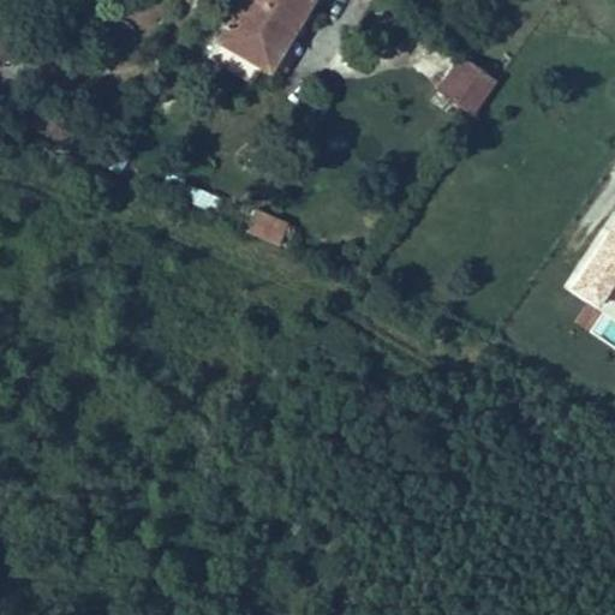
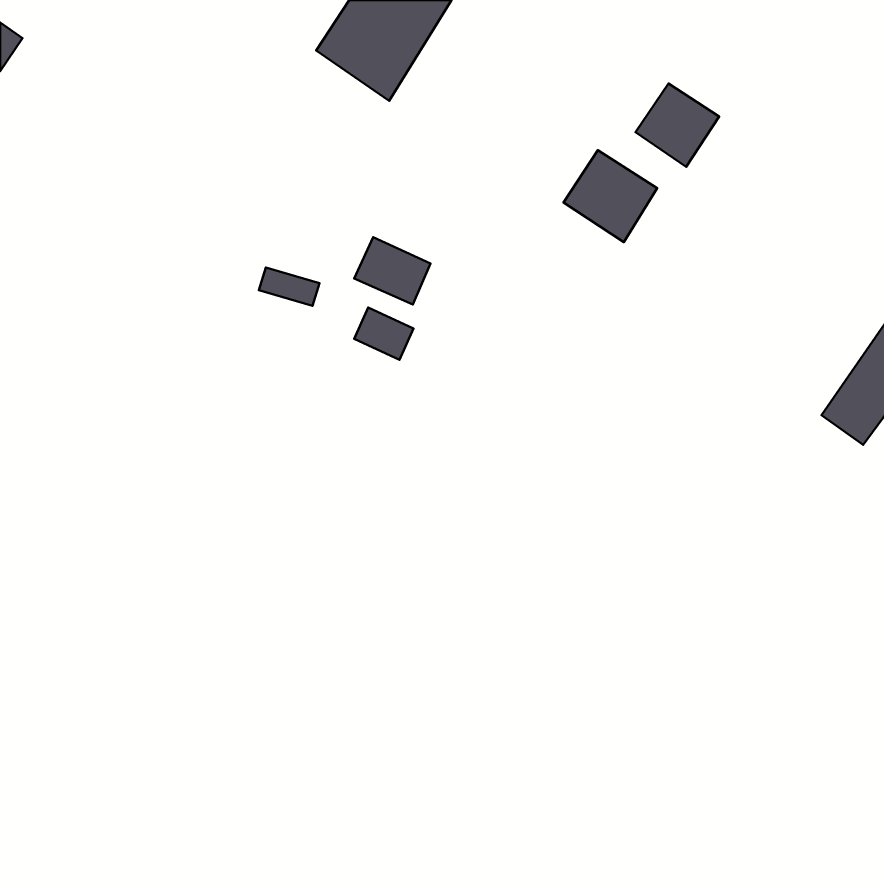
building: none -> [563,150,657,242]
building: none -> [354,237,431,304]

